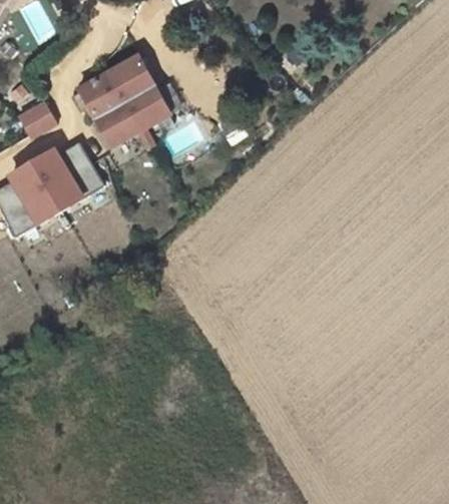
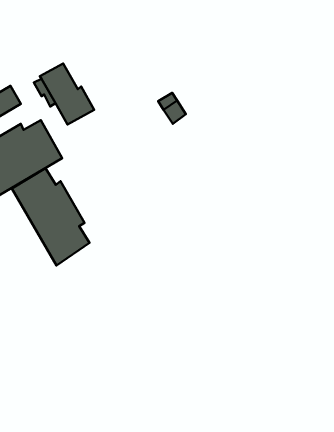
building: [105,55,171,128] -> none
building: none -> [12,168,90,265]

